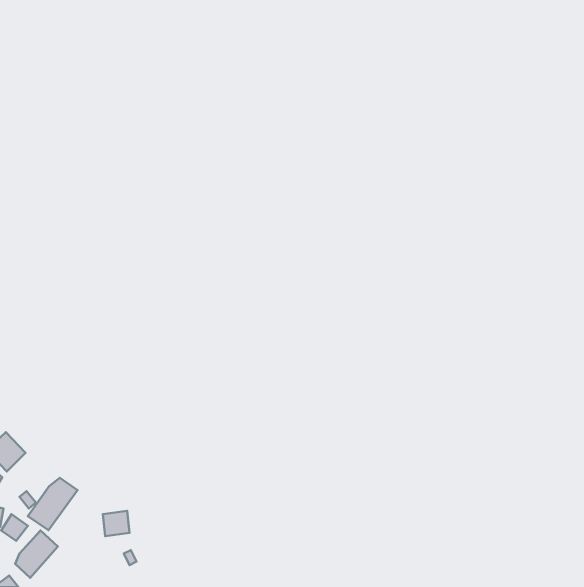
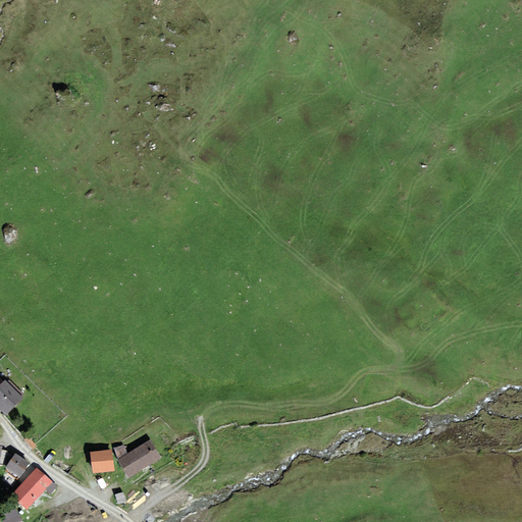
building: [28,478,77,530] -> none
building: none -> [113,440,160,475]

